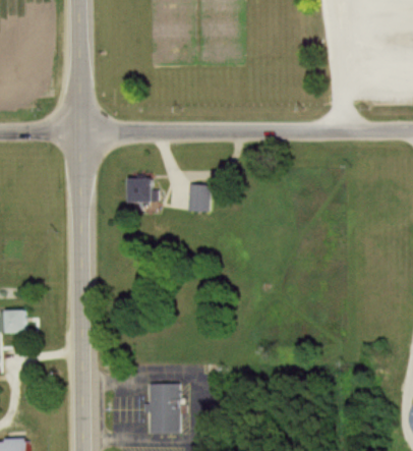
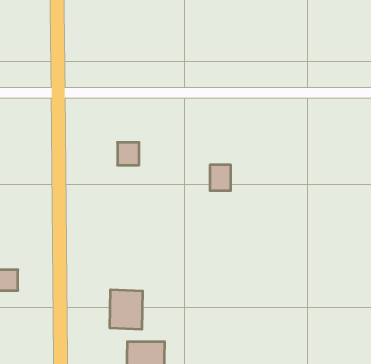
building: [187,184,209,211] -> [210,165,231,191]
building: none -> [110,290,143,329]

